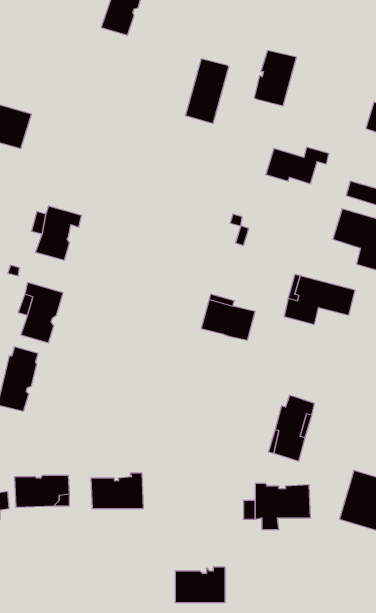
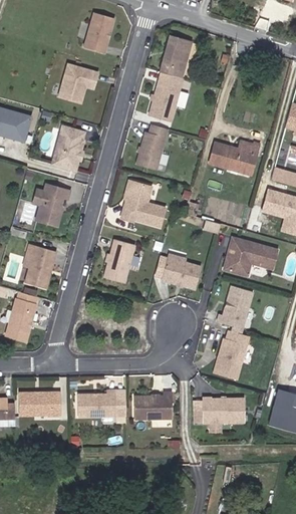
building: none -> [58,66,98,106]
building: [254,51,296,106] -> [159,36,191,78]
building: none -> [135,125,168,170]
building: none -> [50,130,83,175]
building: none -> [120,183,165,228]
building: none -> [101,240,133,284]
building: none -> [213,284,252,334]
building: [175,567,225,603] -> [132,393,171,420]

